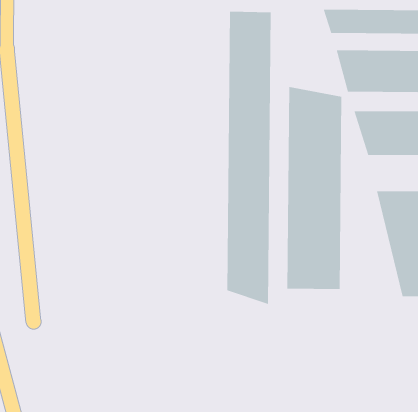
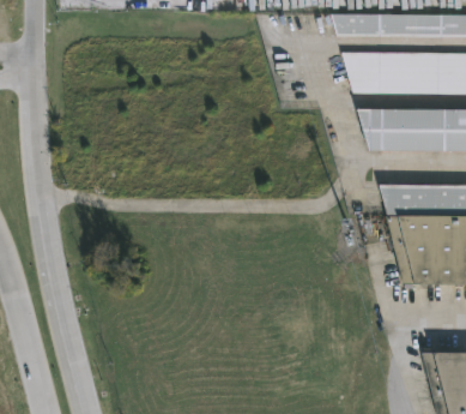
building: [227,11,271,305] -> none
building: [287,86,342,290] -> none

